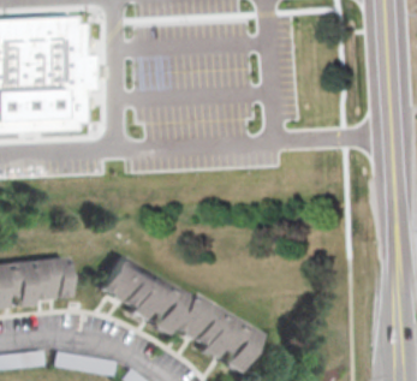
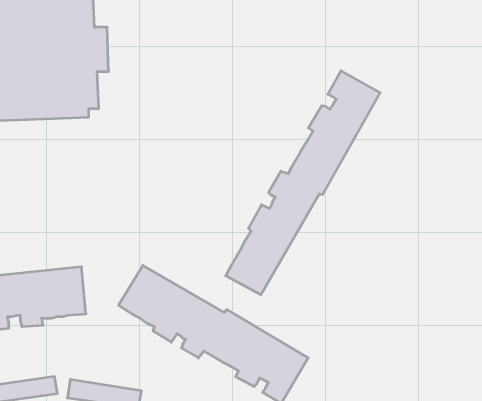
building: none -> [226,71,380,295]

